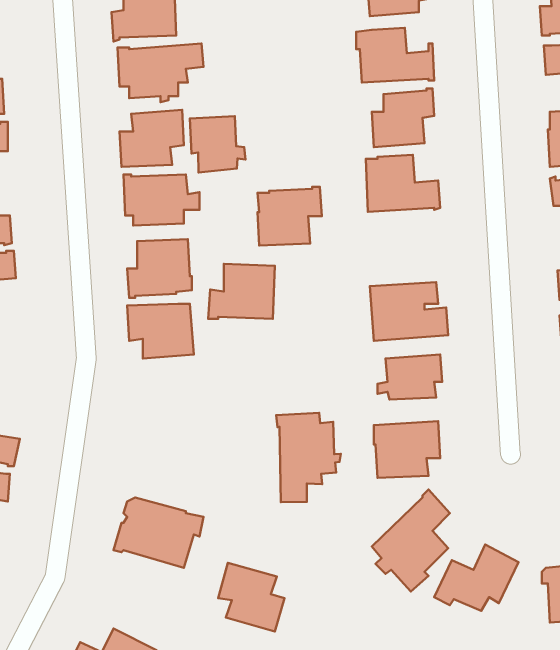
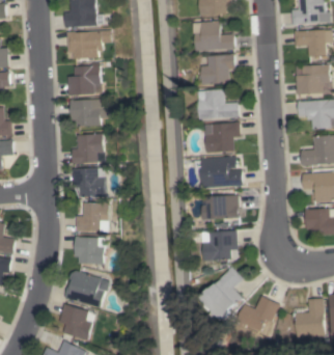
building: [190,116,246,173] -> none
building: [257,187,322,246] -> [206,121,241,153]
building: [208,264,275,319] -> [76,202,111,231]
building: [276,413,341,502] -> none
building: none -> [75,237,109,265]
building: [218,563,285,631] -> [60,304,95,340]

